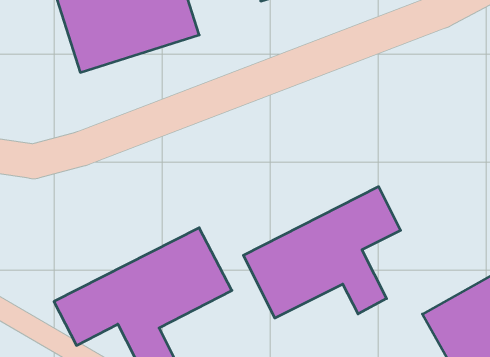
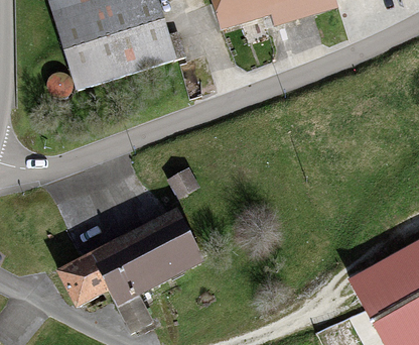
building: [243,187,401,318] -> none

